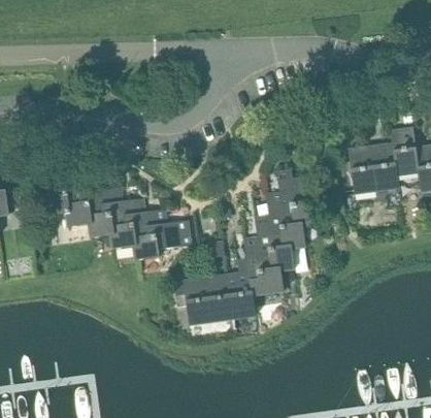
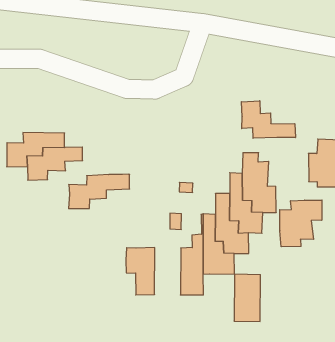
building: none -> [241,101,295,138]
building: [85,196,145,238] -> none
building: none -> [280,200,322,247]
building: [130,219,190,260] -> none
building: [201,274,233,323] -> [234,274,260,321]

